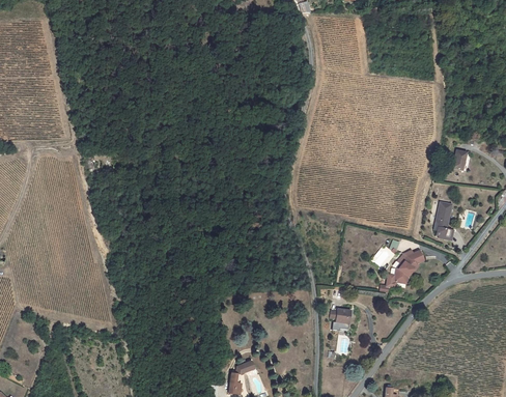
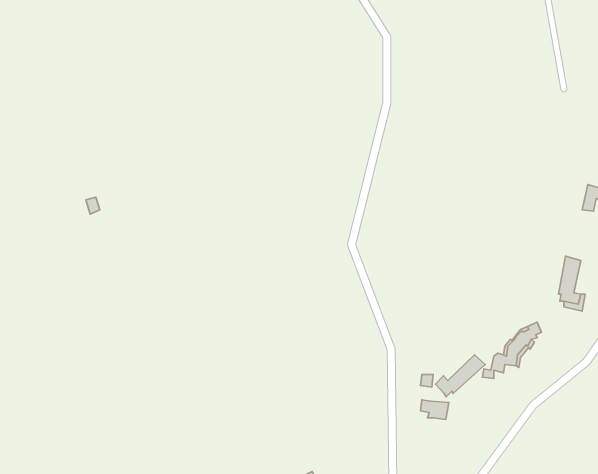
building: none -> [435,355,485,397]

